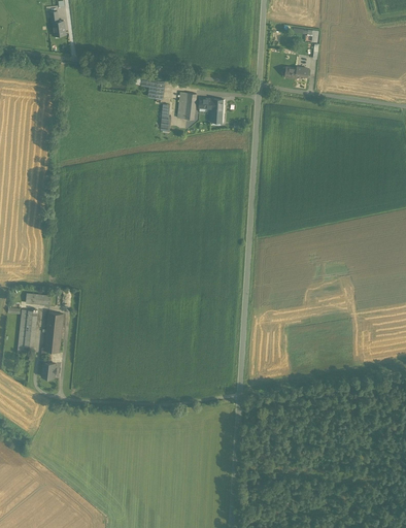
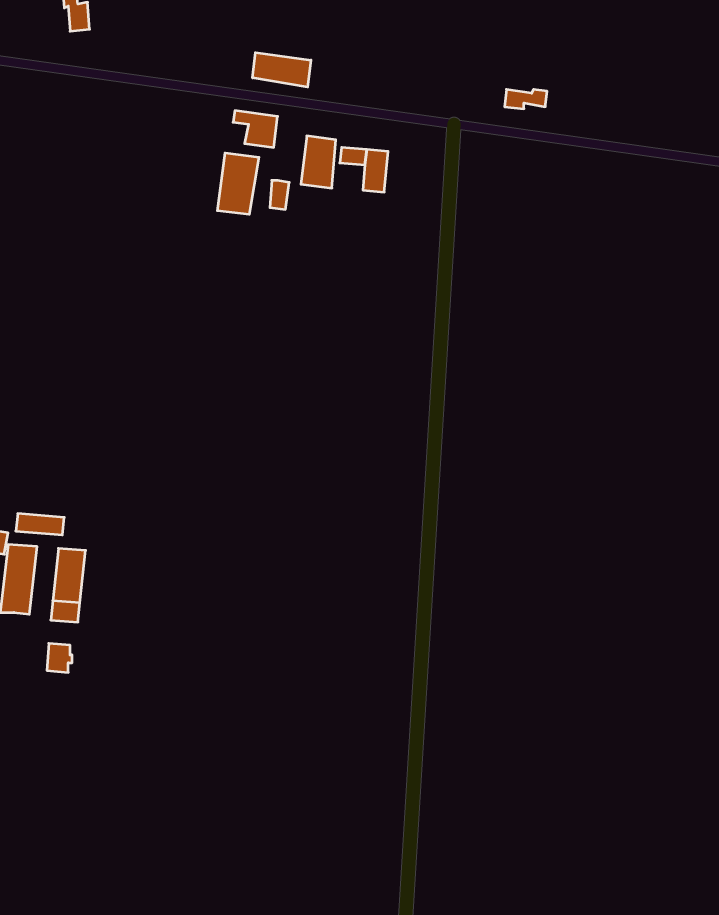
building: none -> [253,53,311,87]
building: none -> [217,153,259,214]

